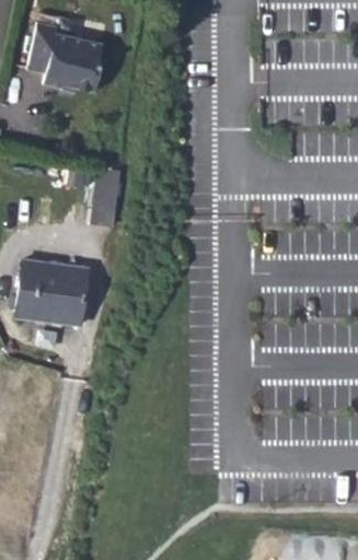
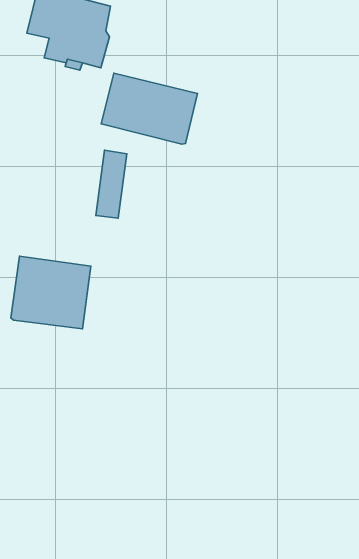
building: none -> [101,73,198,144]

